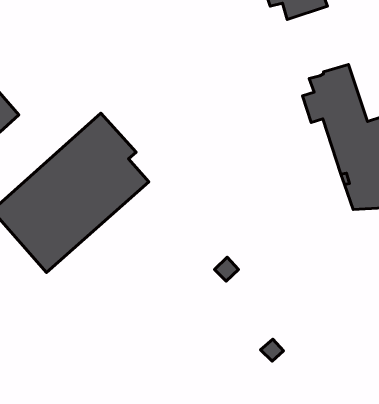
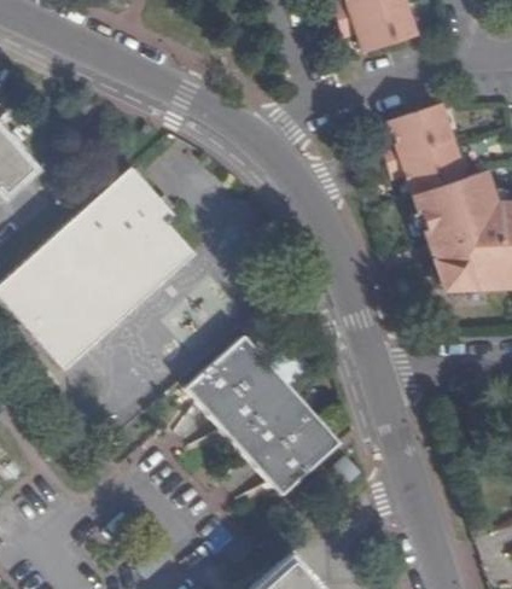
building: none -> [187,336,339,495]

